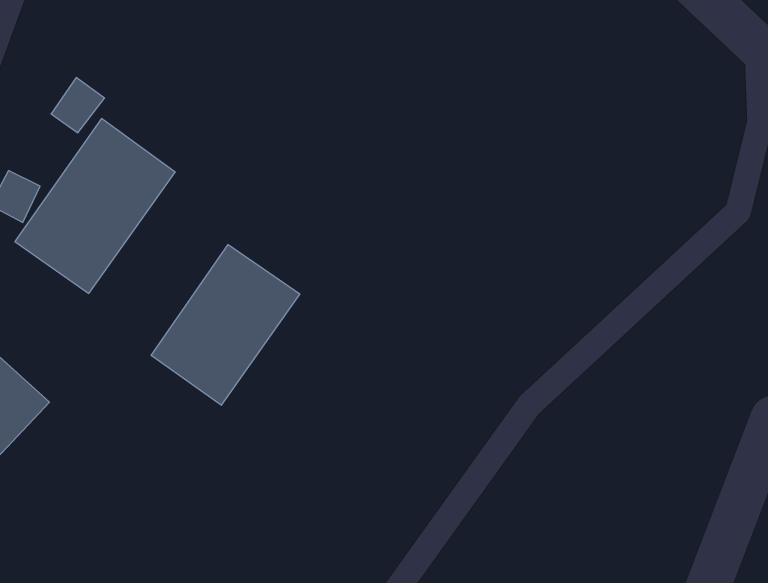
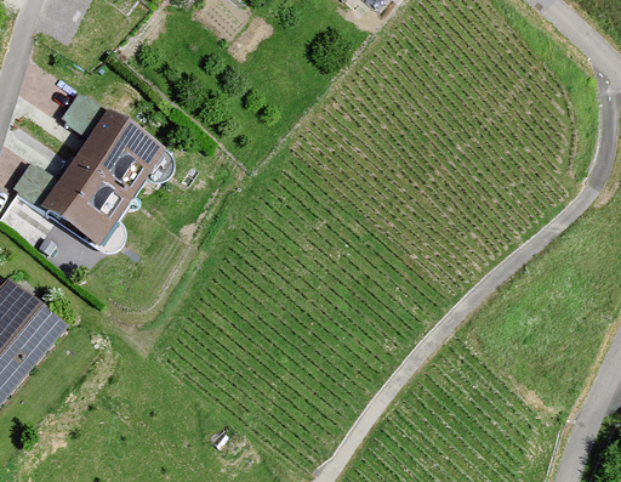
building: [151,245,300,405] -> none

